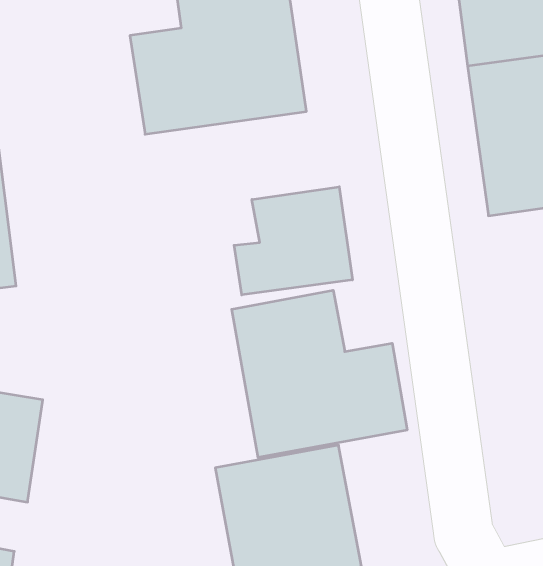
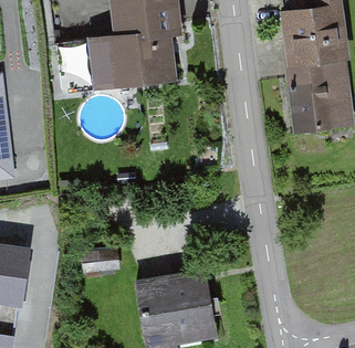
building: [234,187,352,295] -> none
building: [232,290,407,458] -> none

